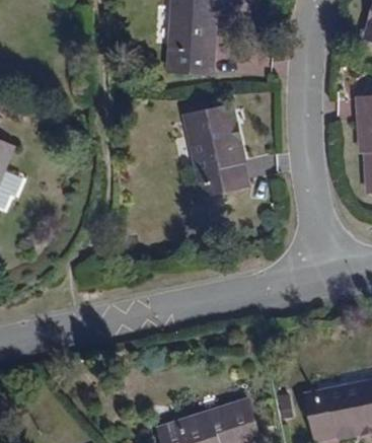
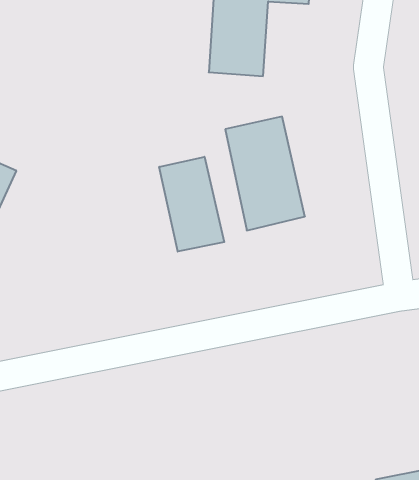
building: none -> [159,157,224,252]

